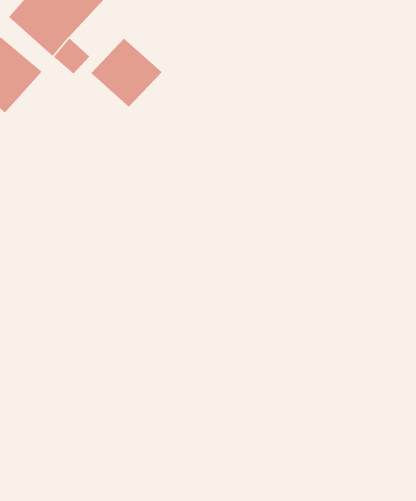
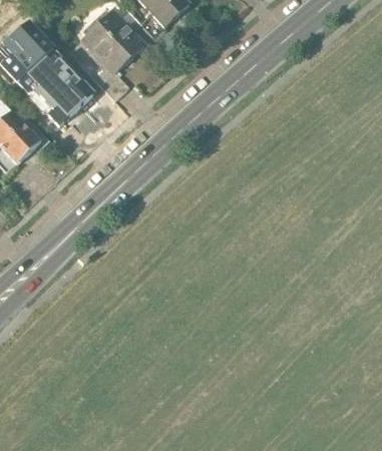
building: [90,38,162,107] -> none

